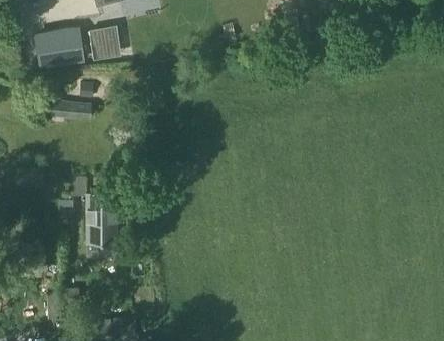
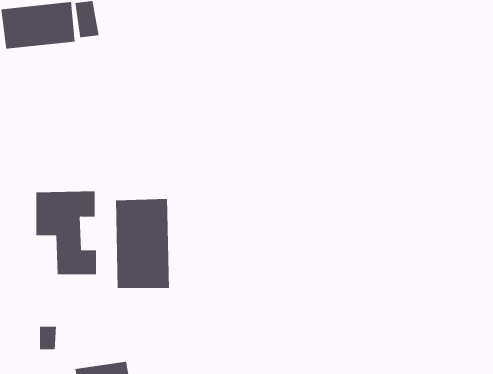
building: [59,99,99,117] -> none
building: none -> [115,198,170,289]

